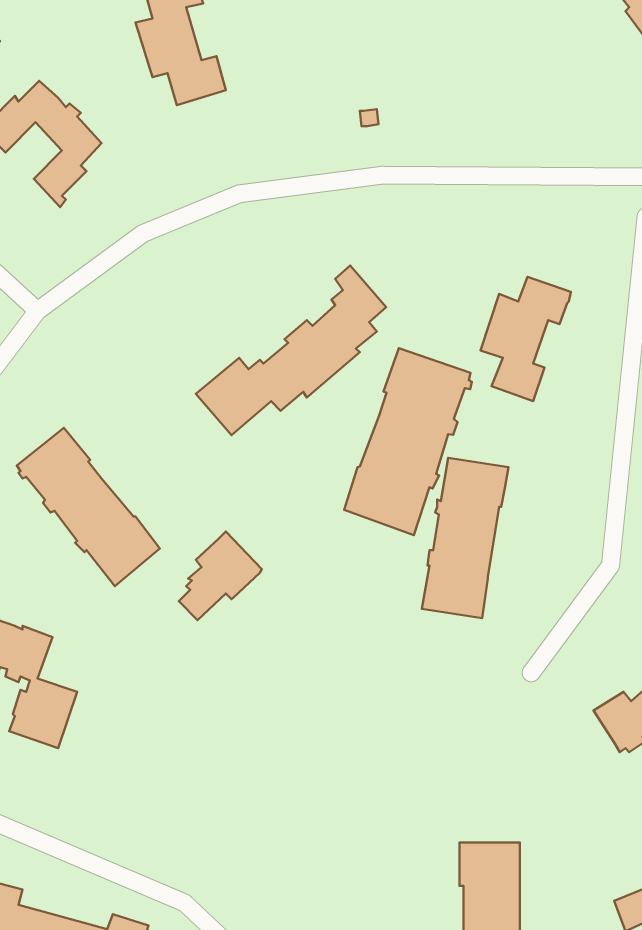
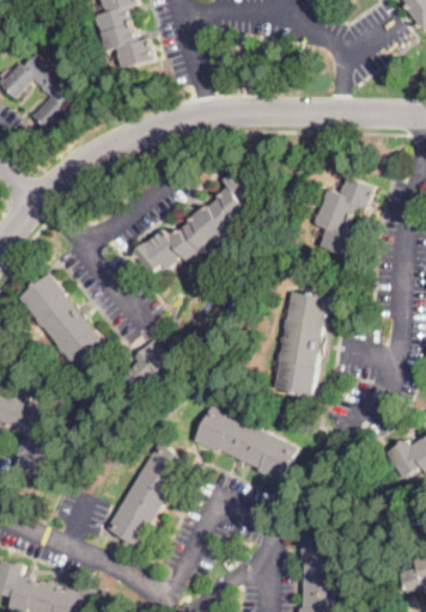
building: [344,348,472,535] -> none
building: none -> [193,405,297,482]
building: none -> [105,442,188,547]

